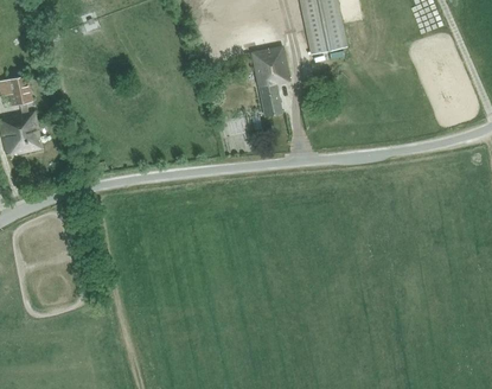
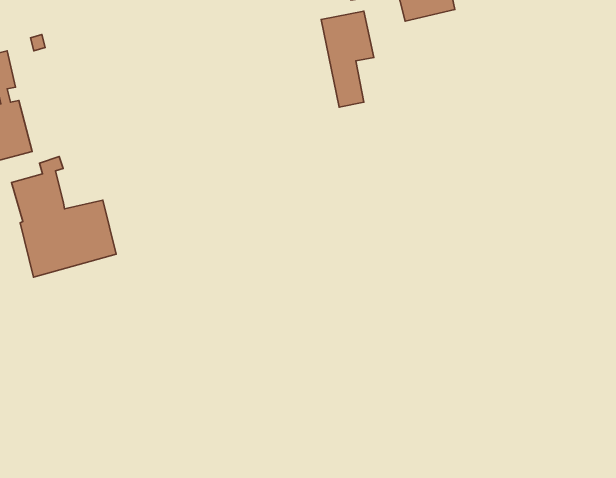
building: none -> [12,156,116,277]

